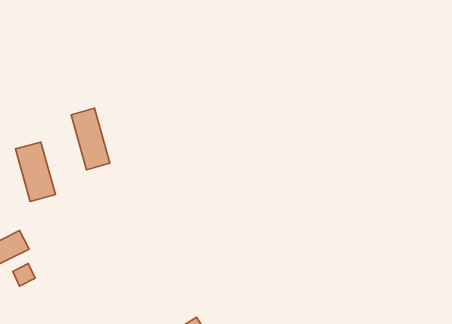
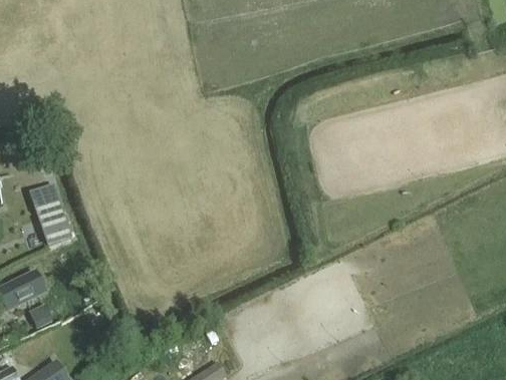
building: [71,108,110,170] -> none

